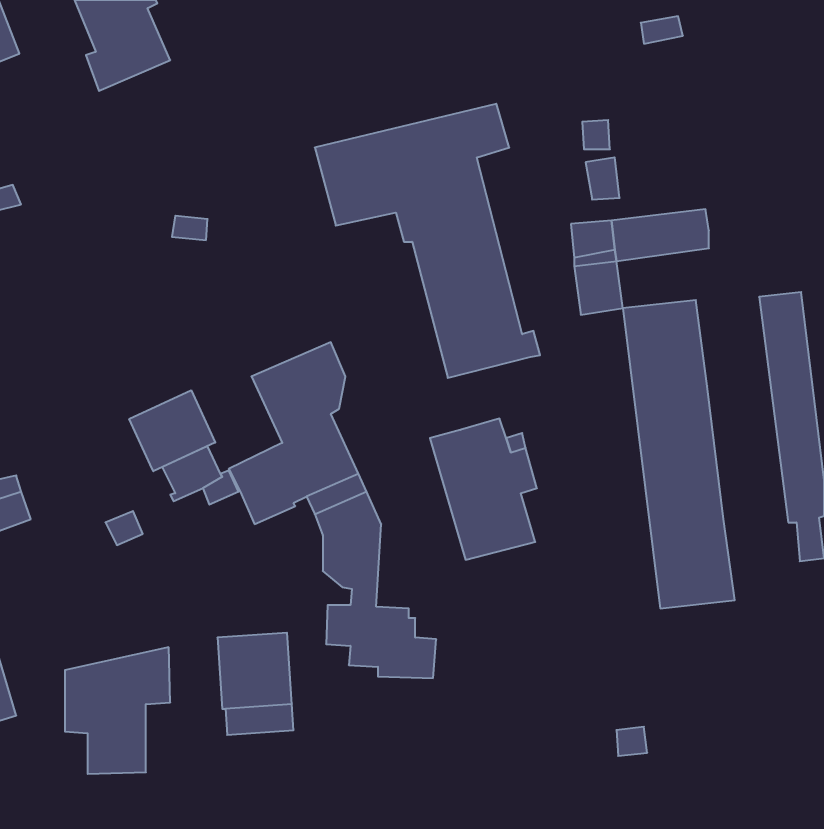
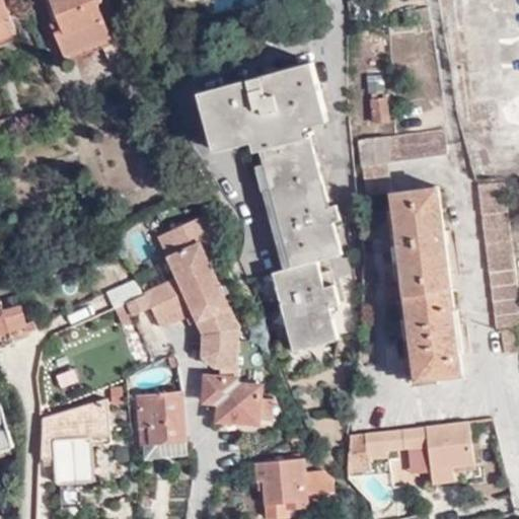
building: none -> [280,223,340,269]
building: [129,390,215,471] -> none
building: none -> [344,422,471,481]
building: none -> [250,460,329,509]

